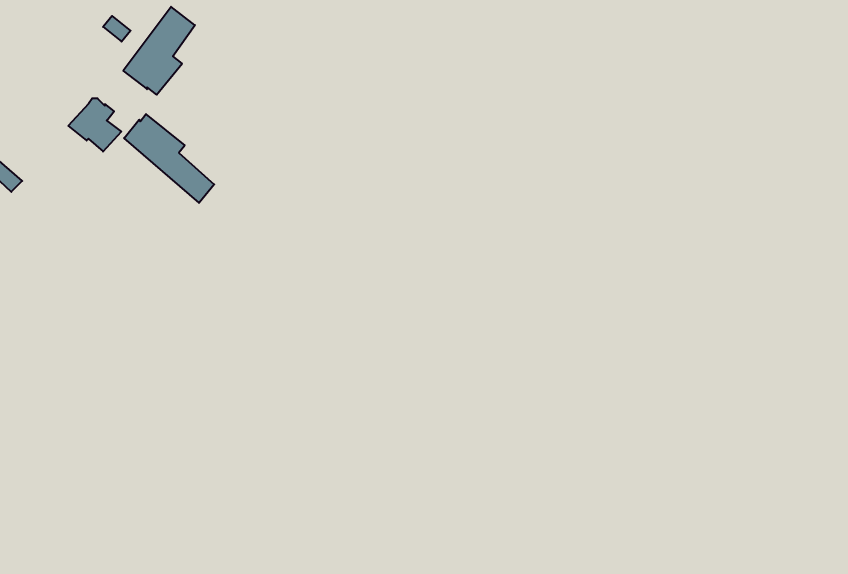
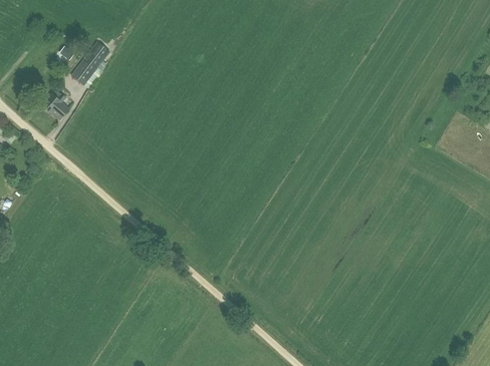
building: [124,114,214,203] -> none

